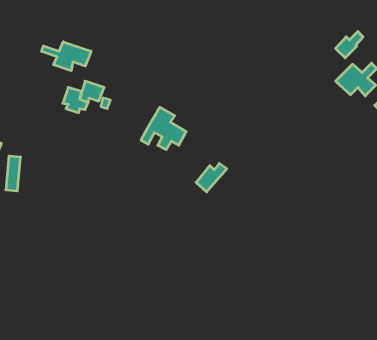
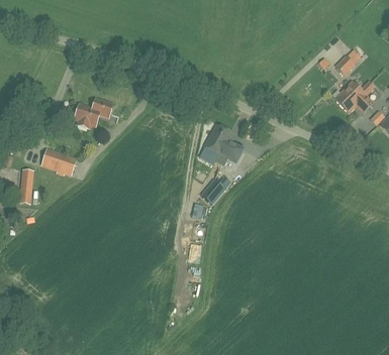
building: [42,42,91,71] -> none
building: [141,107,186,150] -> [199,125,242,165]
building: none -> [41,149,77,174]

